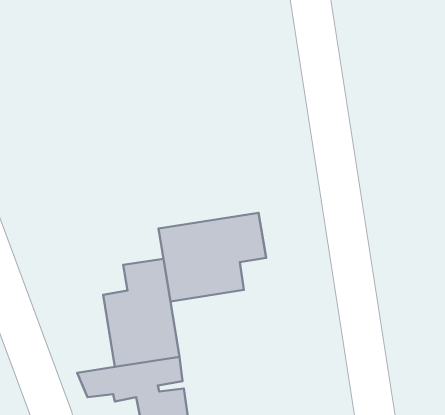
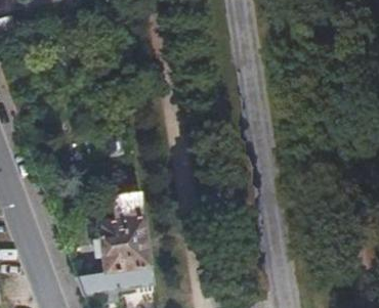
building: [159,213,266,301] -> none

